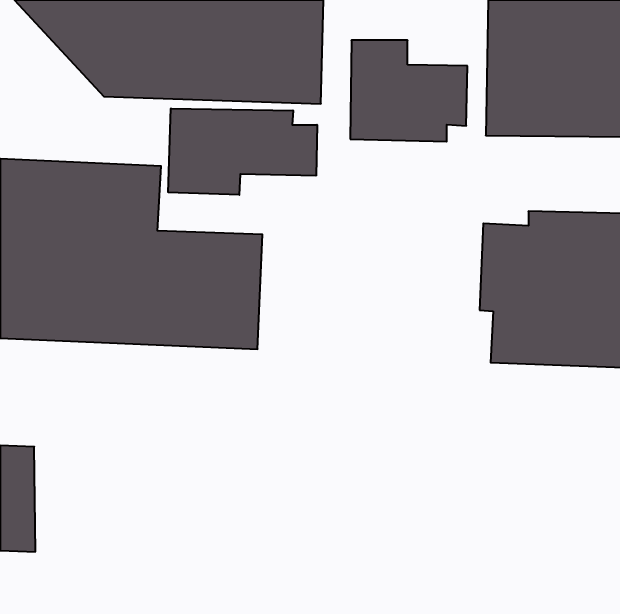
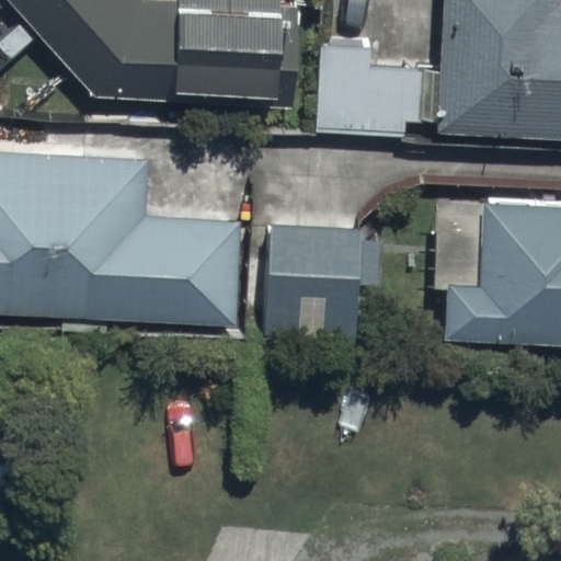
building: [168,108,317,195] -> none
building: none -> [248,221,380,340]

